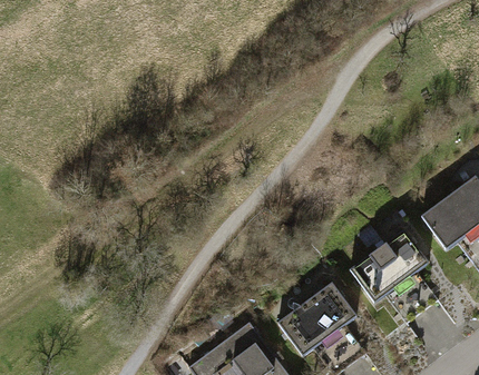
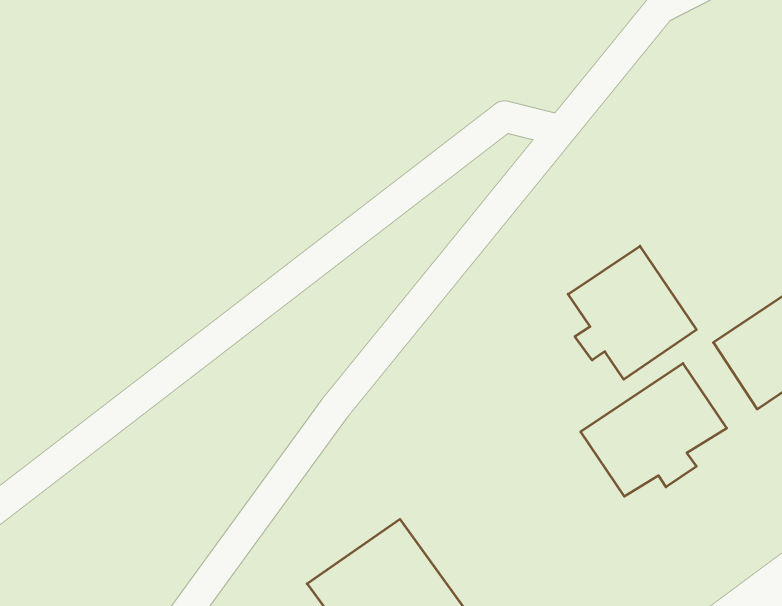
building: none -> [568,246,696,379]
building: [268,283,354,361] -> none

